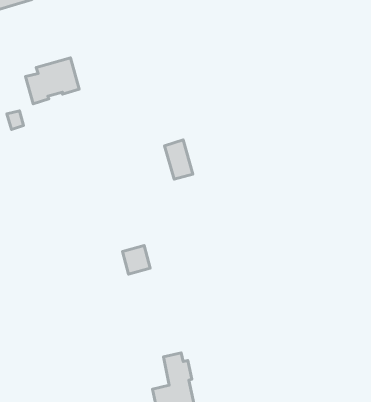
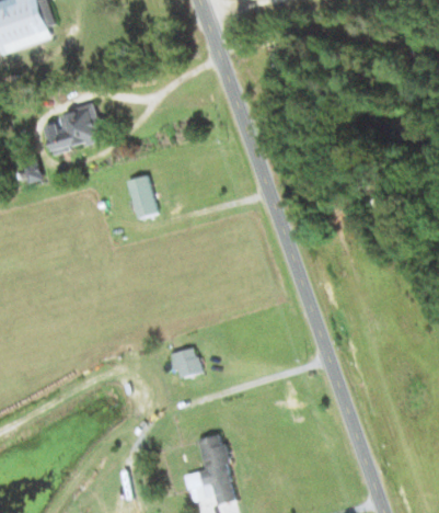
building: [164,140,193,179] -> [126,174,158,218]
building: [123,246,150,274] -> [170,346,200,378]

